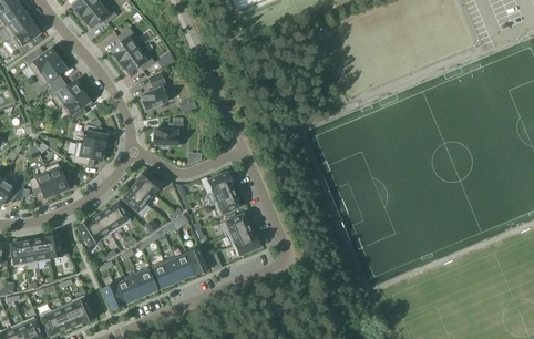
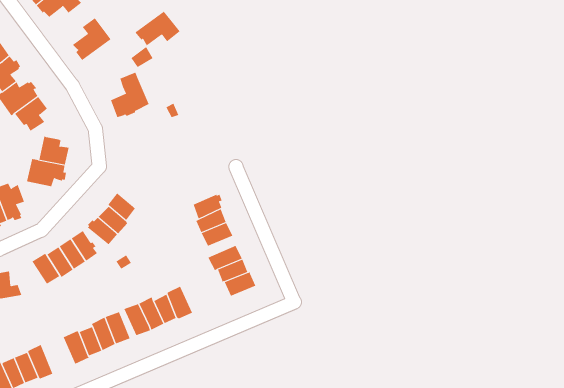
building: [116,45,154,74] -> [134,11,181,46]
building: [152,120,182,147] -> none

